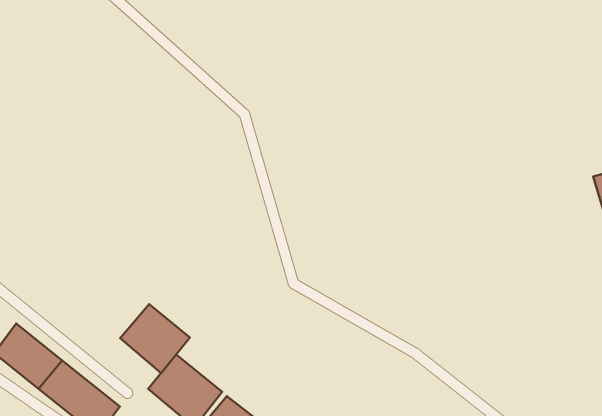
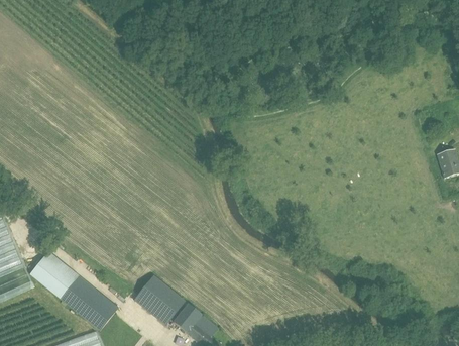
building: [120,304,190,373] -> none

